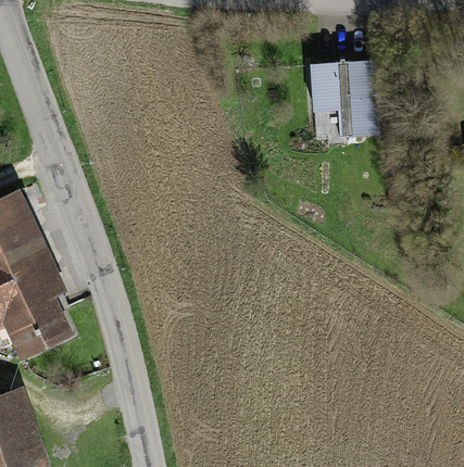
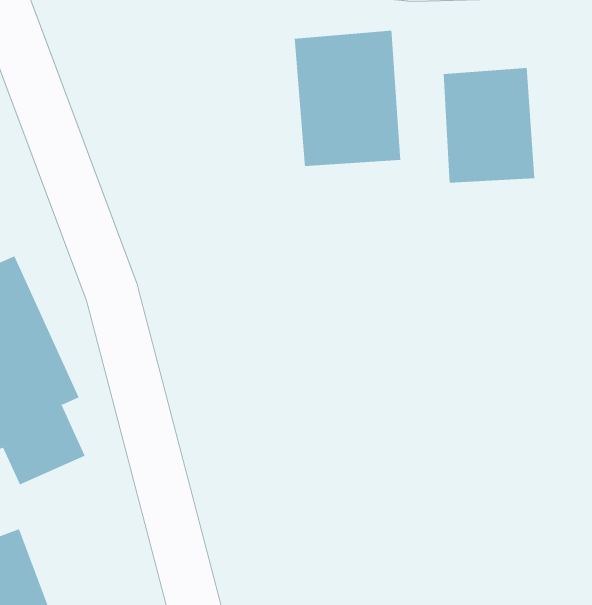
building: none -> [294,30,401,167]

